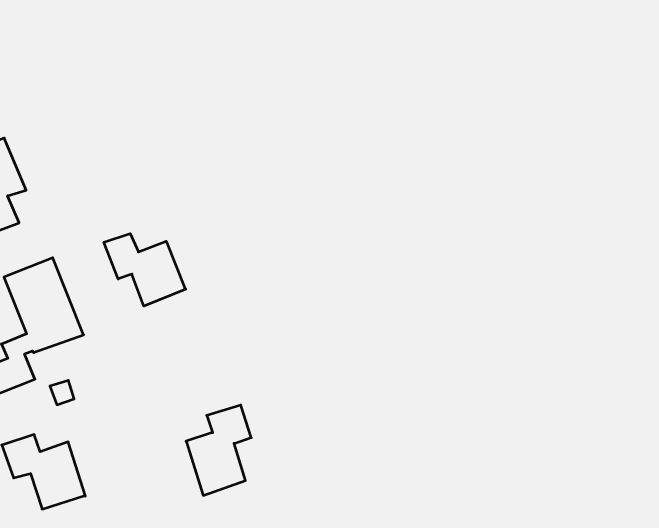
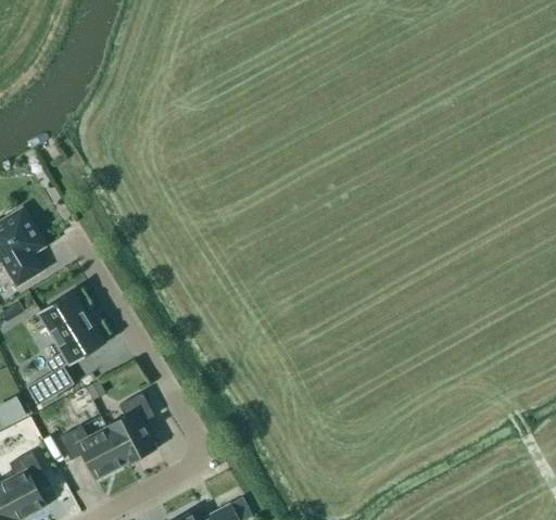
building: [104,234,186,306] -> none
building: [186,405,251,495] -> [106,392,155,464]

